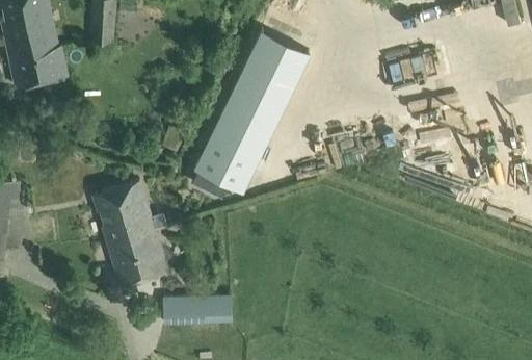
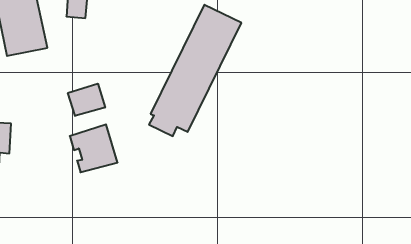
building: none -> [68,84,105,116]
building: [107,228,167,286] -> none
building: [164,297,220,324] -> none

